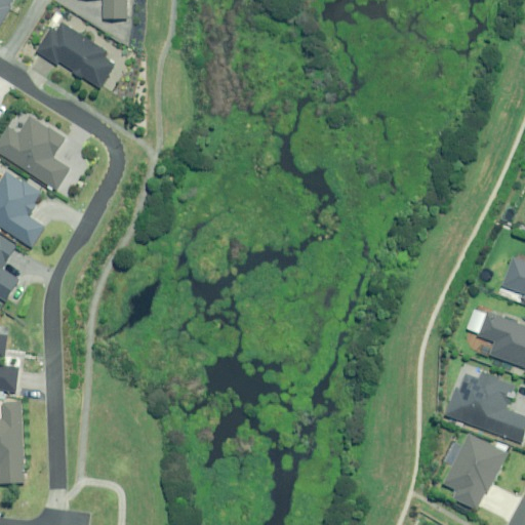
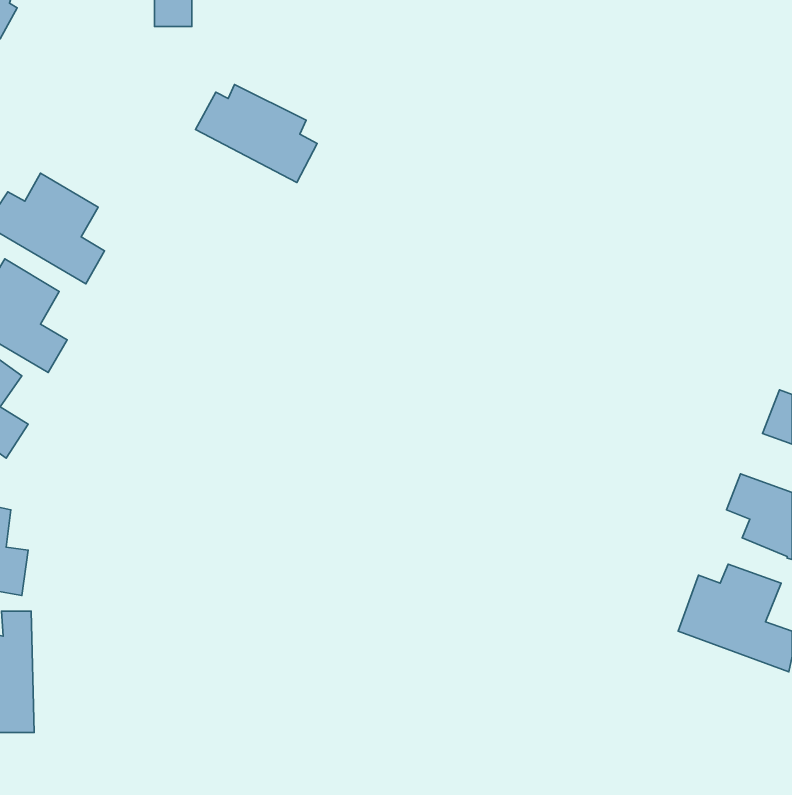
building: [34,22,114,86] -> [196,84,317,183]
building: [443,435,506,511] -> none

